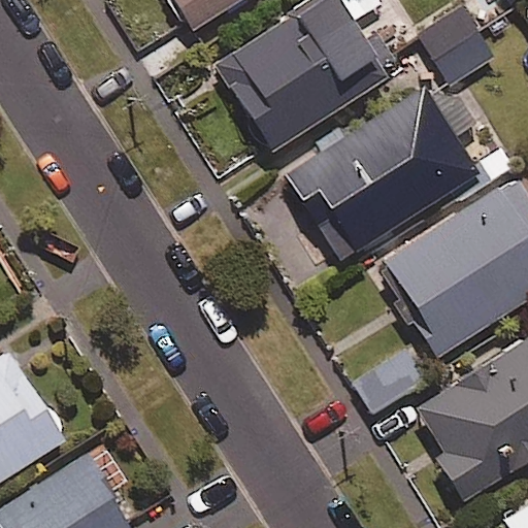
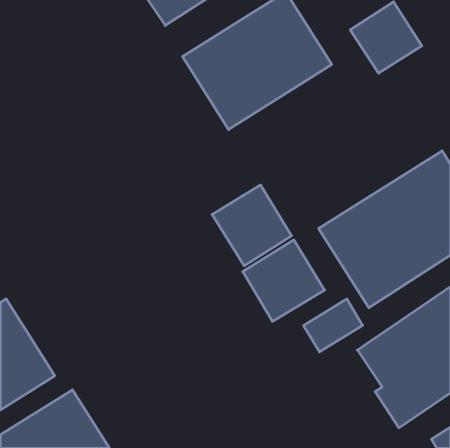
building: [285,85,480,261] -> none
building: none -> [212,185,292,266]
building: none -> [243,240,325,321]

